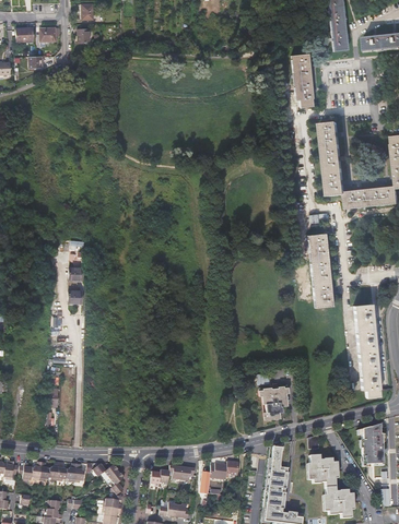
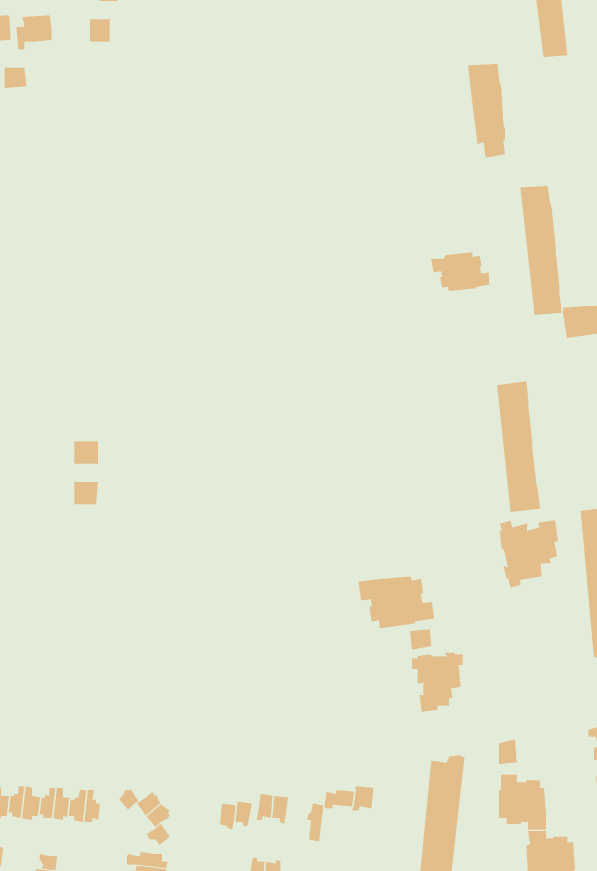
building: none -> [430,251,490,292]
building: none -> [499,520,559,589]
building: none -> [358,576,435,629]

